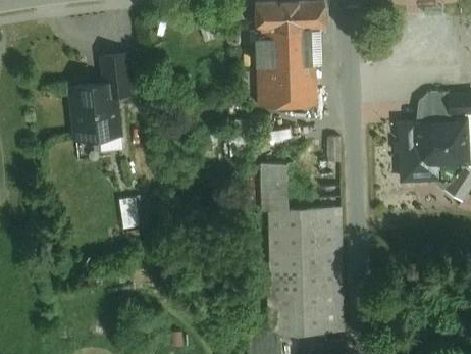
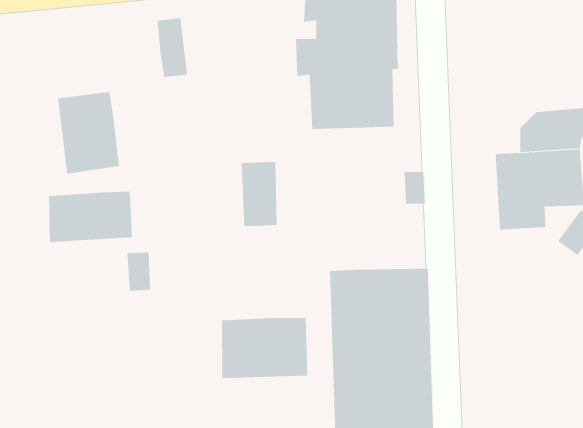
building: [105,53,128,98] -> [157,18,188,78]
building: none -> [48,191,133,243]
building: [263,164,291,213] -> [241,161,277,227]
building: none -> [222,317,308,379]

